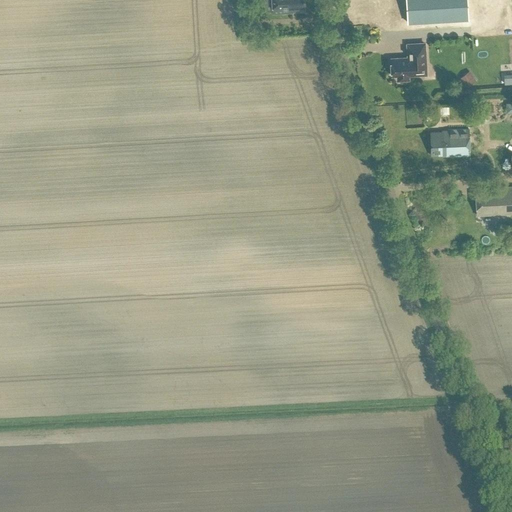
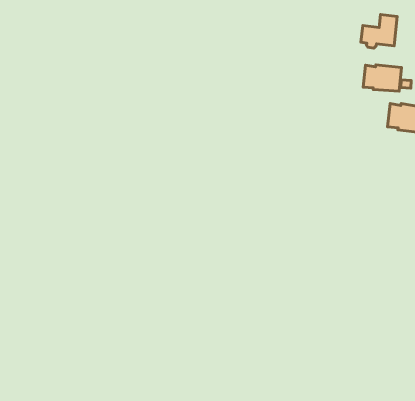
building: none -> [363,65,402,91]

